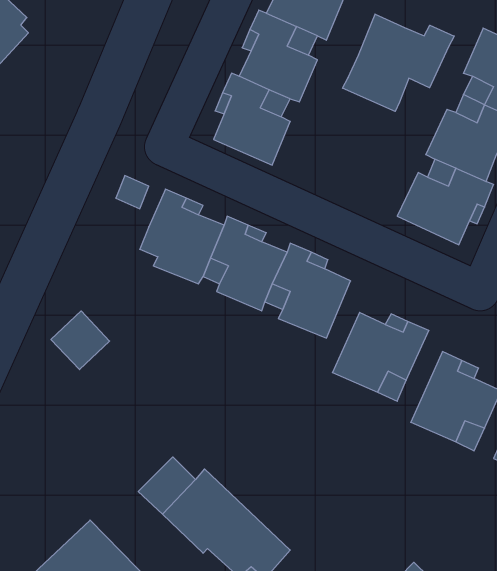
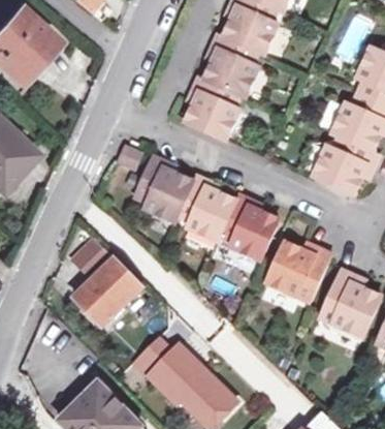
building: [343,14,454,111] -> none
building: none -> [74,262,142,328]

